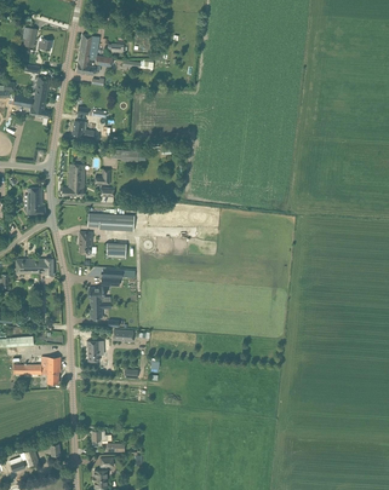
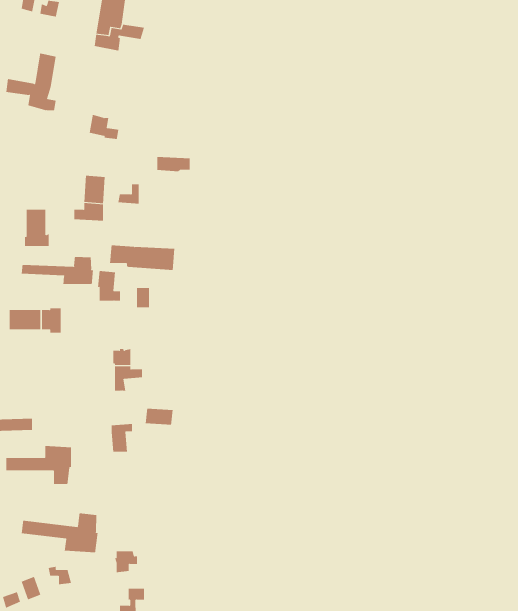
building: none -> [21,256,94,285]
building: none -> [21,513,98,553]

